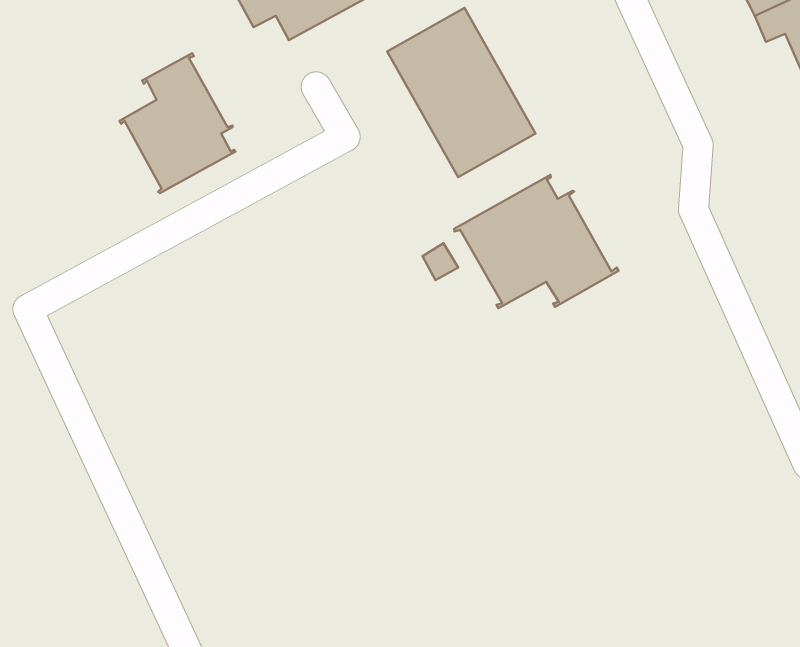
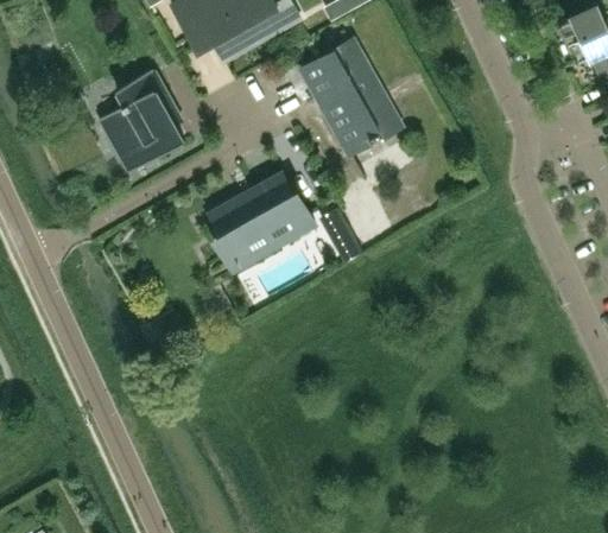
building: [454,175,619,308] -> none
building: none -> [210,175,310,262]

